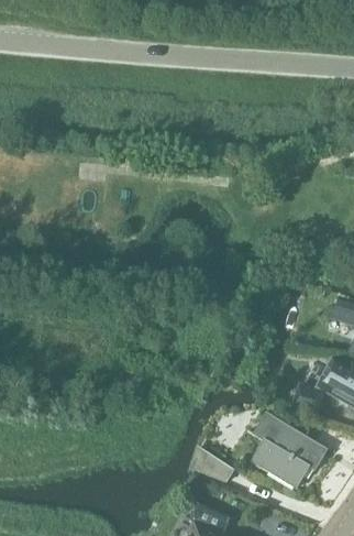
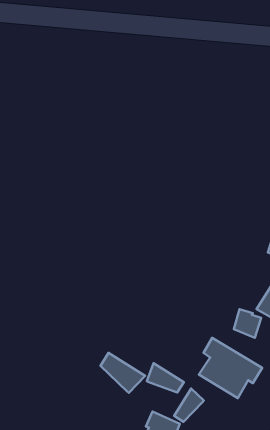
building: none -> [100,353,145,393]
building: none -> [174,389,204,422]

